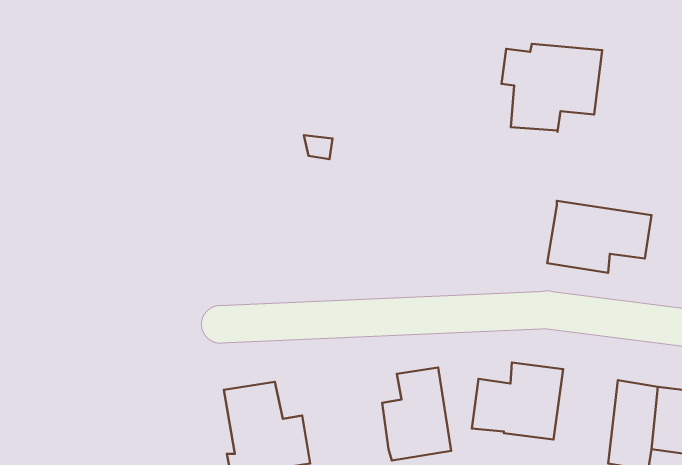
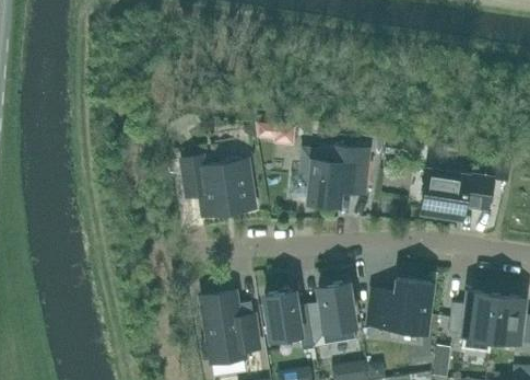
building: [501,44,602,132] -> [302,146,370,206]
building: none -> [182,157,256,216]
building: none -> [266,291,313,338]

